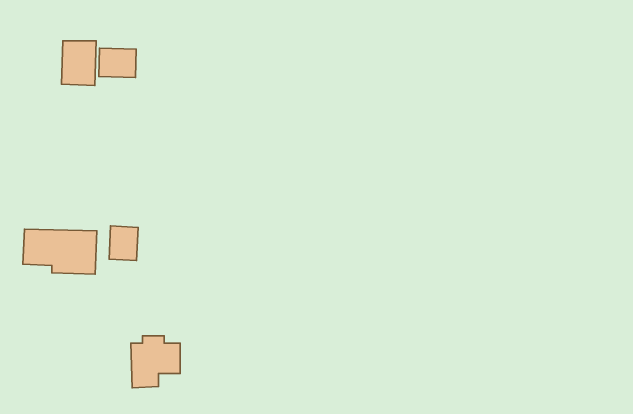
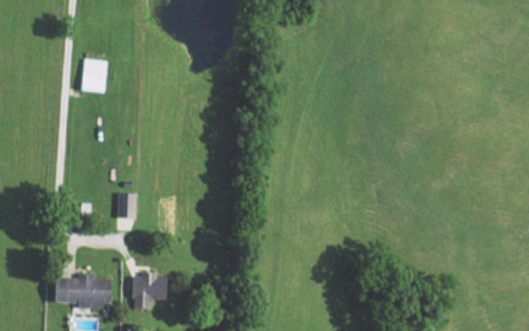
building: [99,48,136,78] -> none
building: [23,229,97,274] -> [57,276,110,308]

